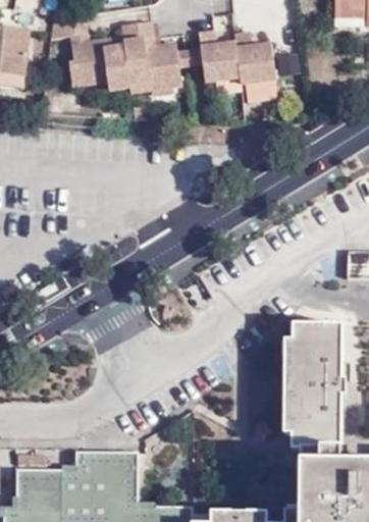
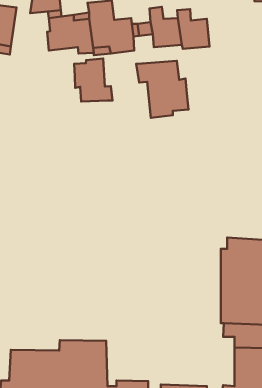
building: none -> [74,59,112,102]
building: none -> [136,61,188,118]

